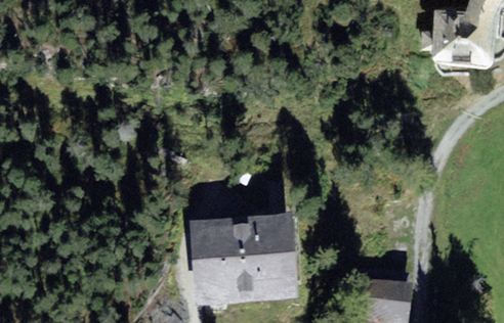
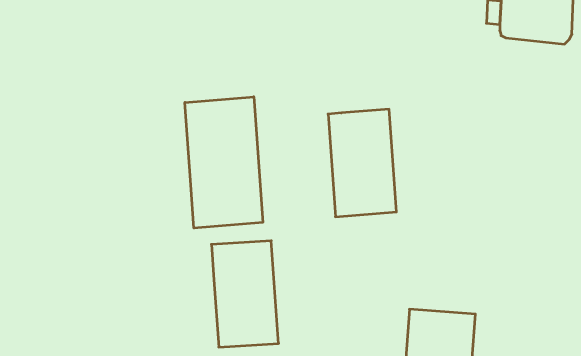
building: none -> [185,97,263,228]
building: [242,215,299,305] -> [328,109,396,217]

